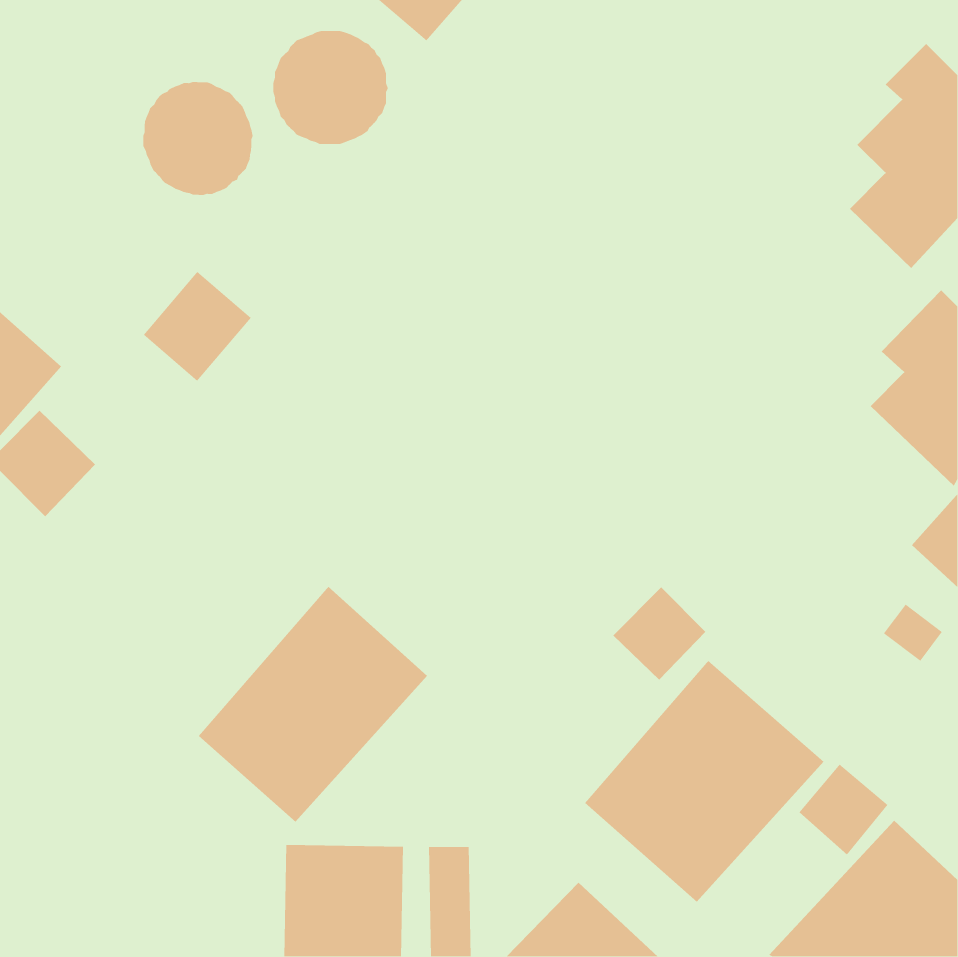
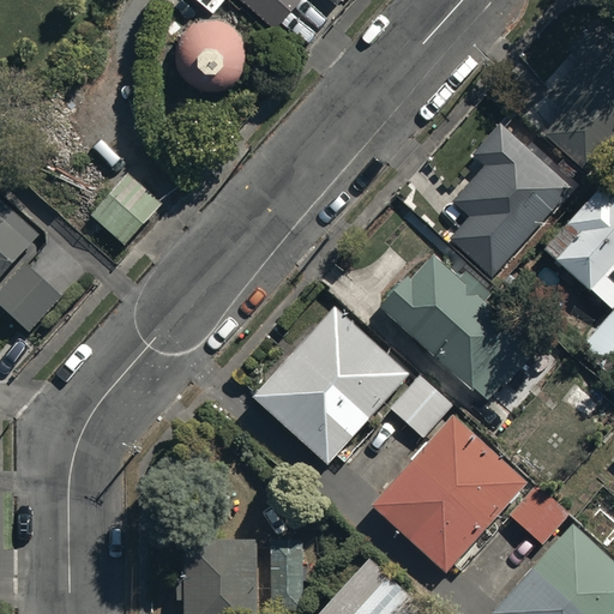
building: [143,81,253,196] -> none
building: none -> [450,119,572,275]
building: none -> [378,260,536,403]
building: none -> [254,307,408,463]
building: [198,586,428,822] -> none

